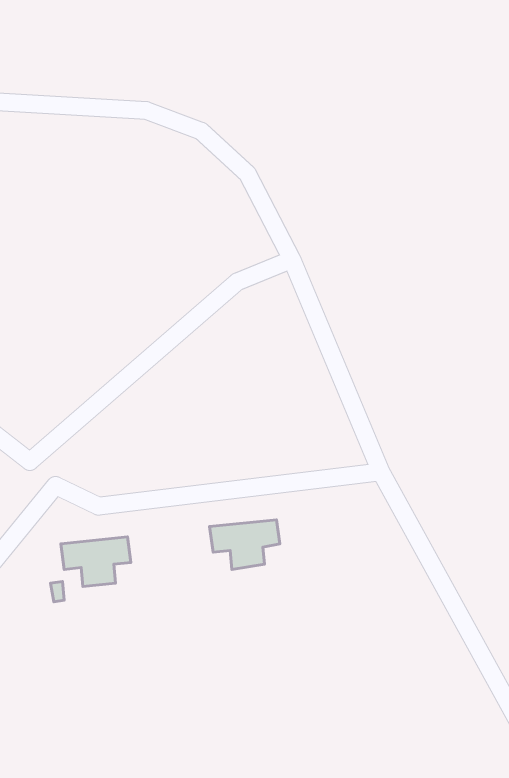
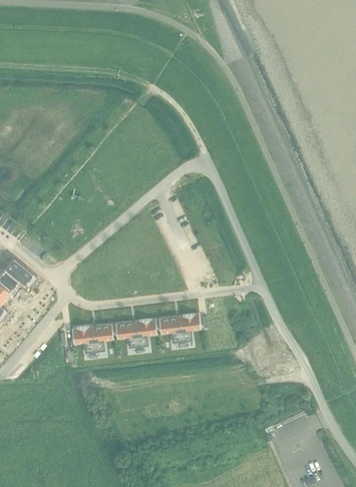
building: none -> [115,318,155,347]

